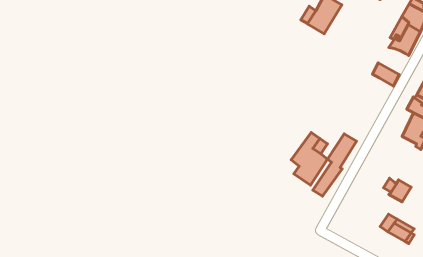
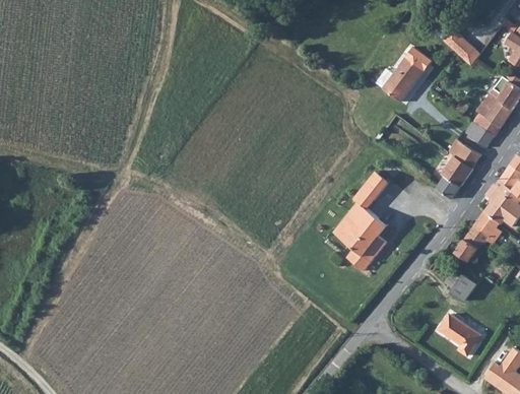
building: none -> [466,123,495,148]
building: none -> [440,156,474,199]
building: [313,134,357,196] -> [336,170,393,238]
building: none -> [458,226,492,262]

